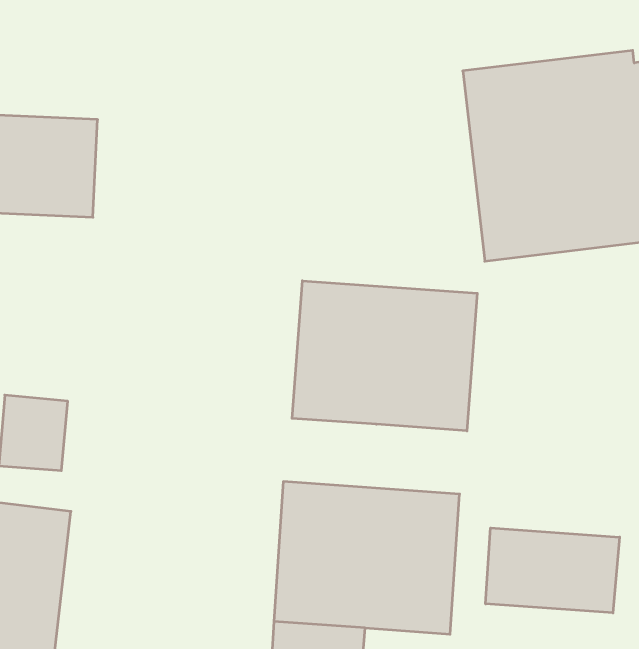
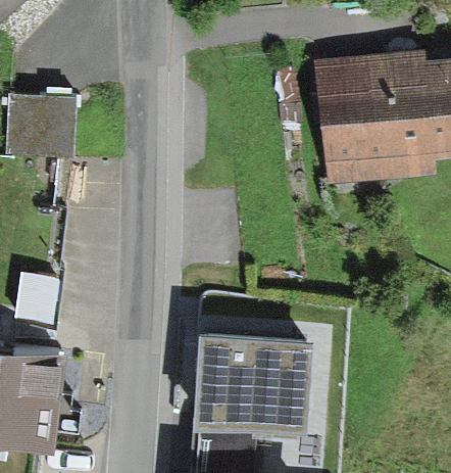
building: [292,281,477,431] -> none
building: [486,528,620,613] -> none

